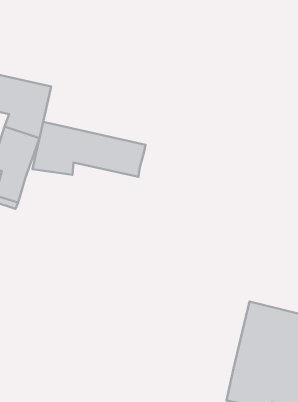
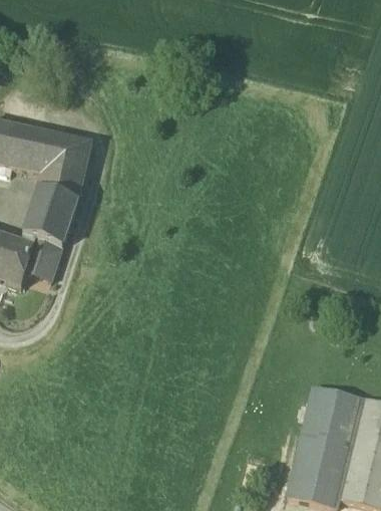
building: [33,122,145,177] -> none

